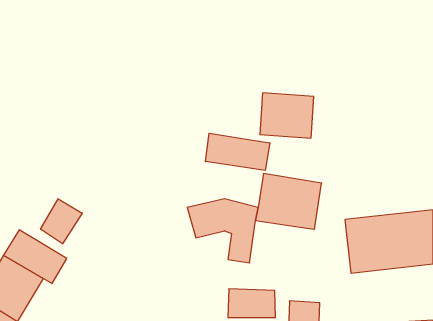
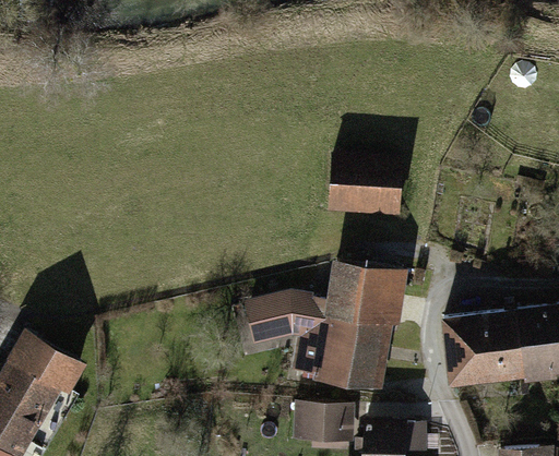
building: [205,133,270,170] -> none
building: [41,199,82,244] -> none
building: none -> [318,319,392,389]

